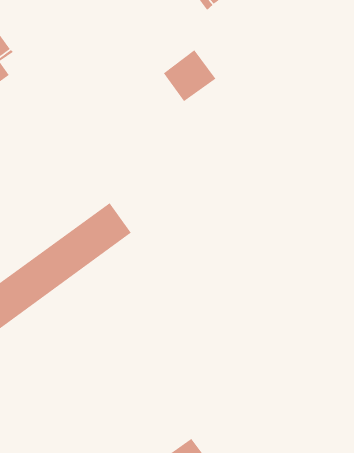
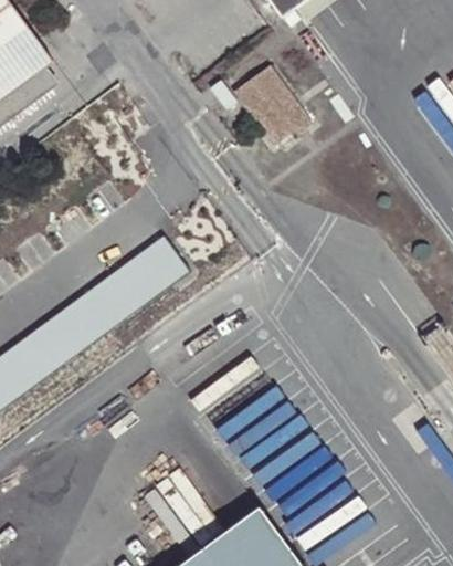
building: none -> [250,94,306,142]

